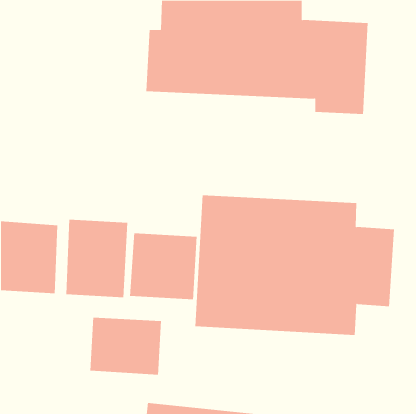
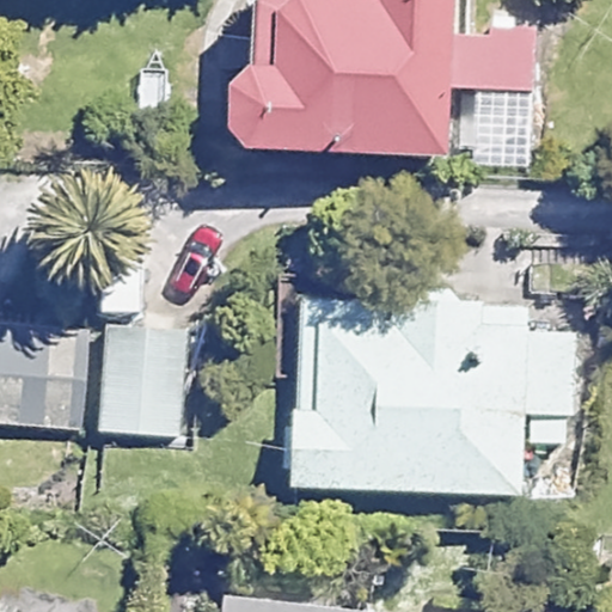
building: [130,233,197,300] -> none
building: [90,317,161,376] -> none

